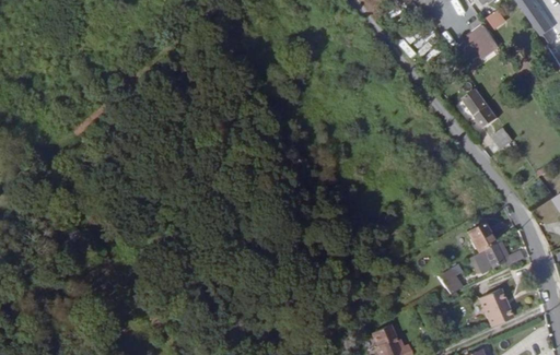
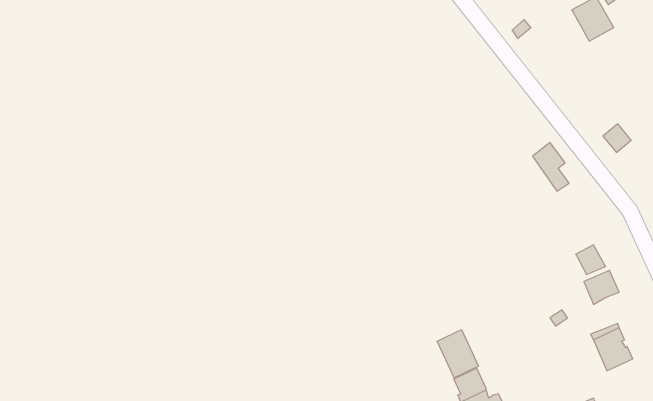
building: [465,87,494,127] -> [533,142,569,191]
building: none -> [437,330,478,378]

